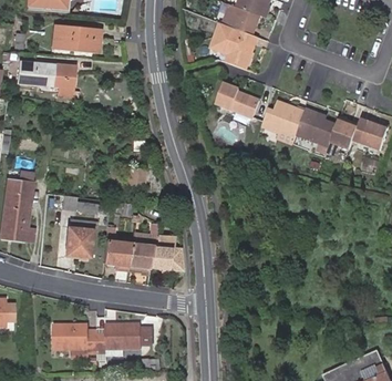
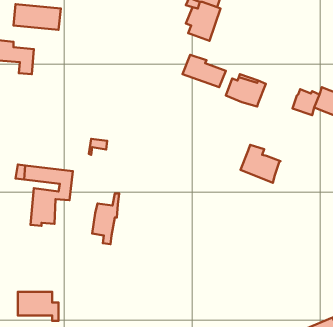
building: [299,105,340,144] -> [240,145,280,183]
building: [148,235,180,271] -> none
building: [103,240,132,265] -> none
building: [94,325,138,354] -> none

